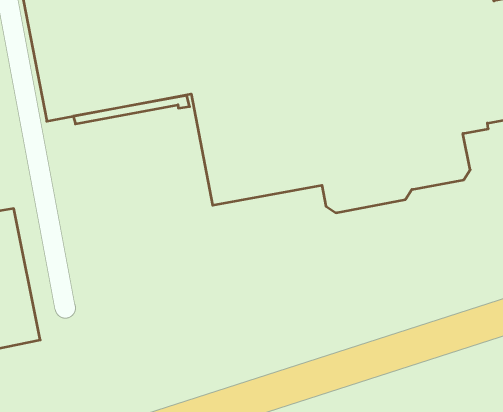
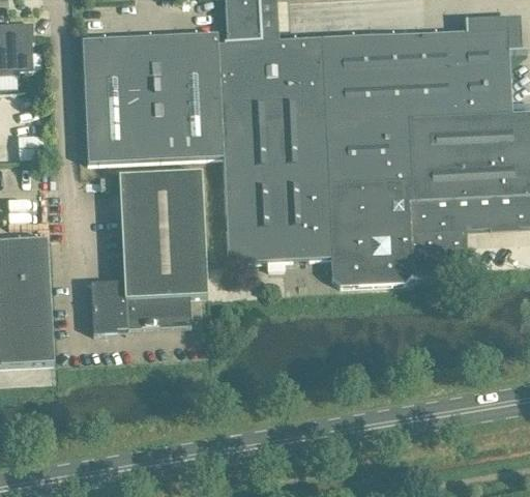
building: none -> [93,169,207,333]

